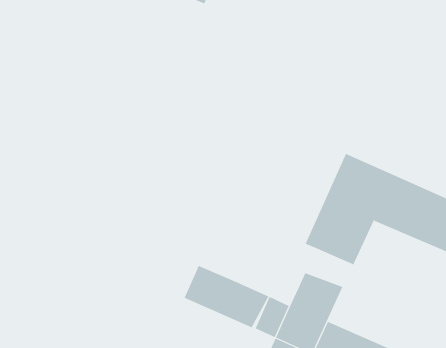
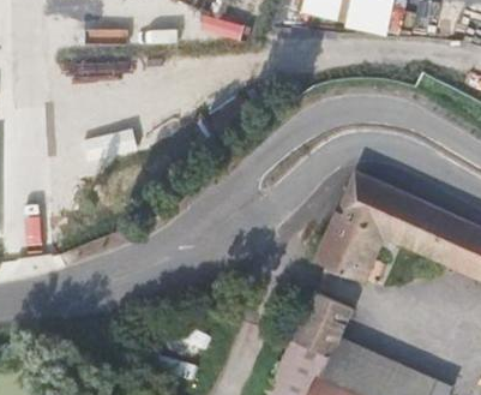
building: [184,265,269,328] -> none

